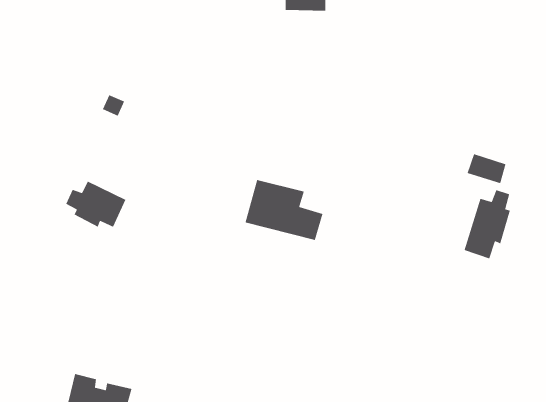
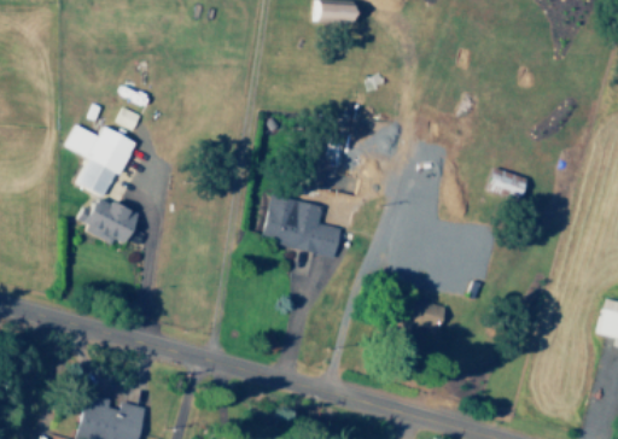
building: none -> [66,124,138,195]
building: [463,189,511,260] -> none
building: none -> [414,299,448,330]

